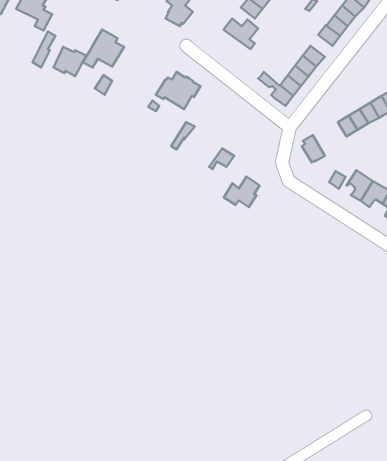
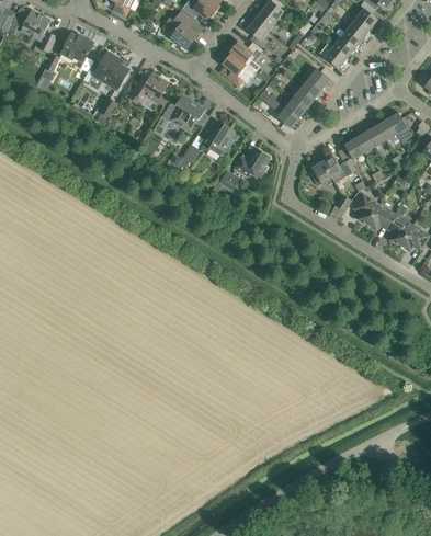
building: none -> [222,53,256,87]
building: [53,47,86,76] -> [60,33,93,62]
building: none -> [127,72,166,105]
building: none -> [203,124,234,155]
building: none -> [318,155,351,183]
building: [224,177,260,207] -> [234,148,270,179]

